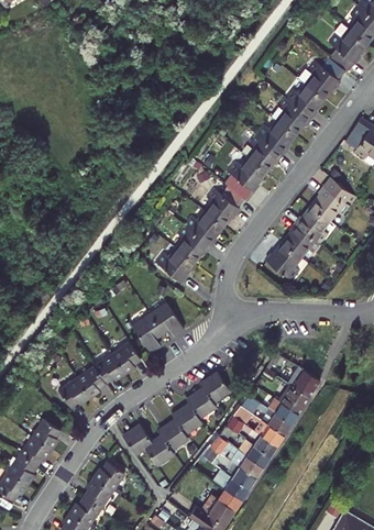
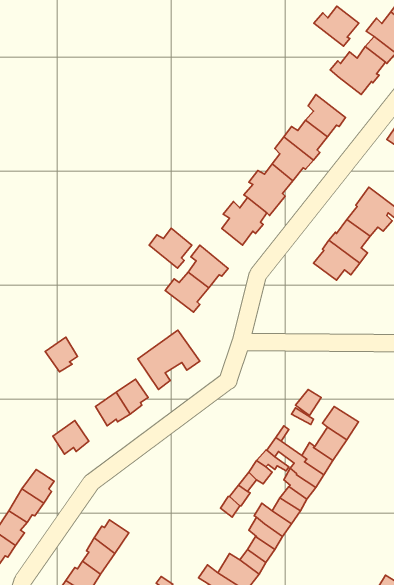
building: [284,86,322,120] -> [314,6,359,46]
building: [185,214,221,249] -> [149,228,192,268]
building: [265,244,301,283] -> none
building: [78,366,106,396] -> [45,337,77,372]
building: [124,374,230,466] -> none

